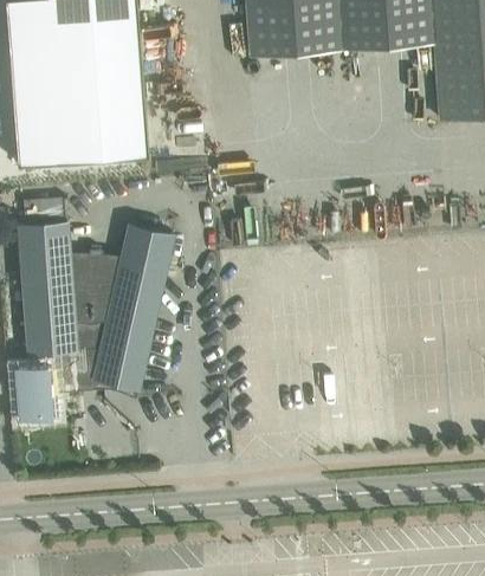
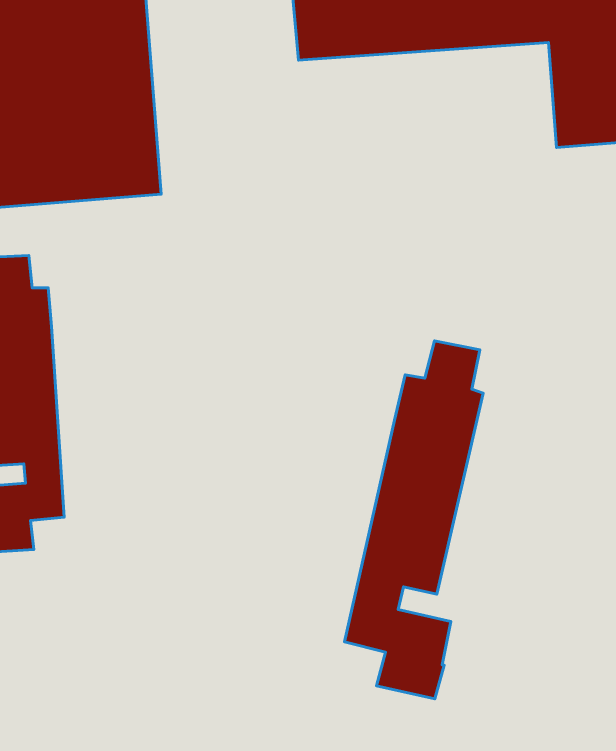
building: [69,225,172,399] -> none
building: none -> [345,341,483,699]

